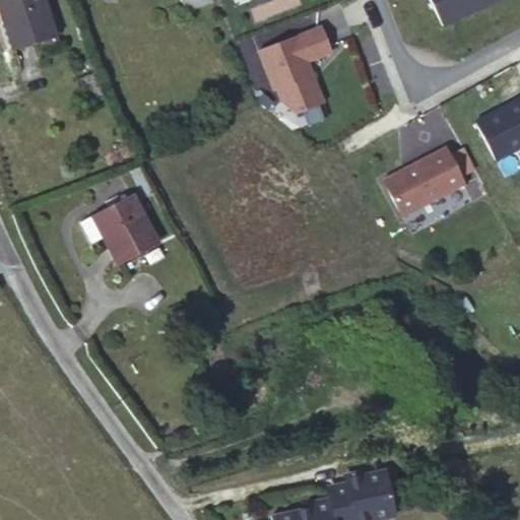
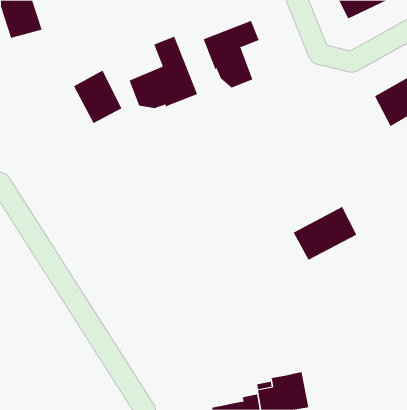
building: none -> [129,36,198,109]
building: [385,147,466,216] -> [293,206,357,261]
building: [95,194,157,262] -> [73,70,122,124]

